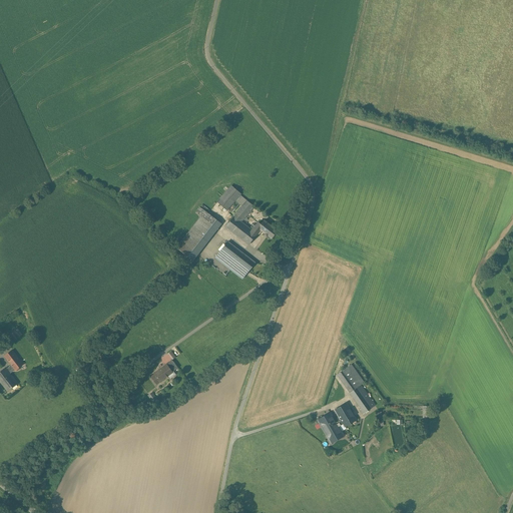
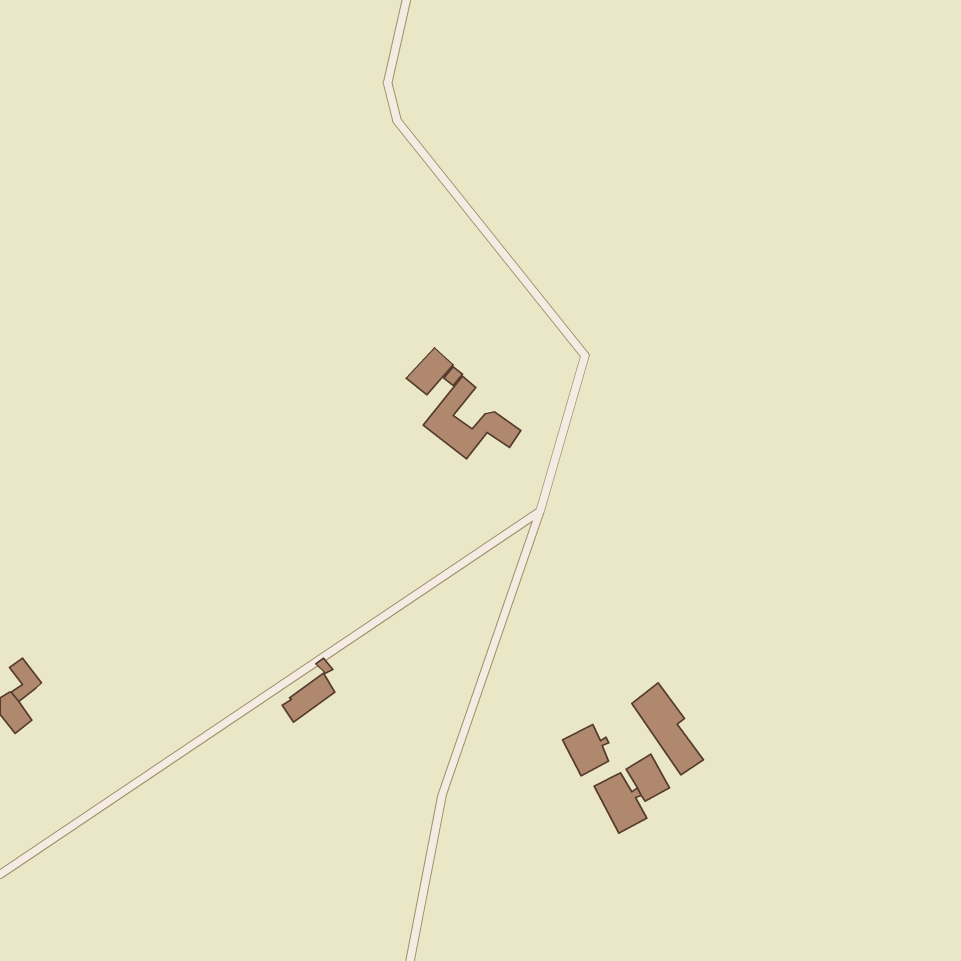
building: [176,206,222,261] -> none
building: [213,240,254,280] -> none
building: none -> [563,725,609,776]

